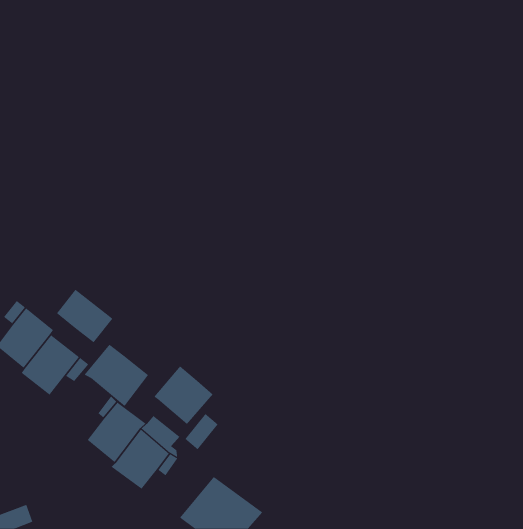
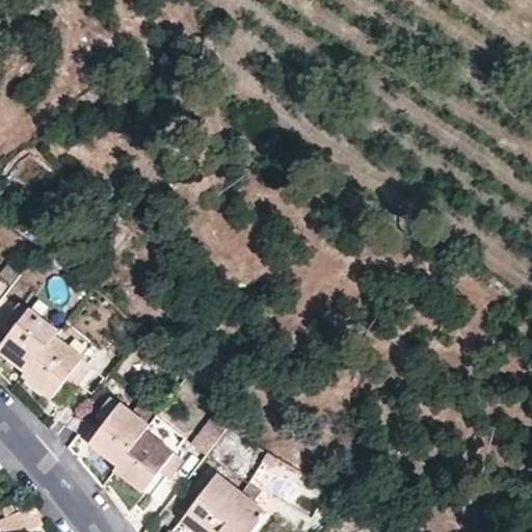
building: [56,289,113,343] -> none
building: [84,344,149,407] -> none
building: [154,366,213,425] -> none

